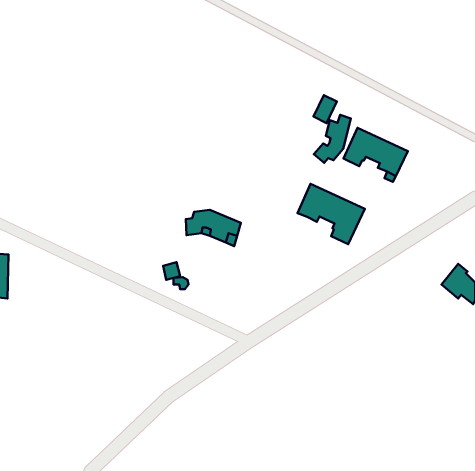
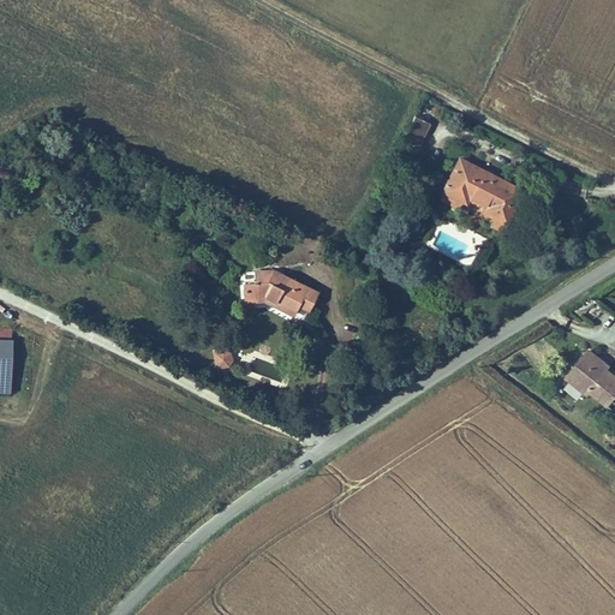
building: [314,115,351,163] -> none
building: [297,184,365,244] -> none

